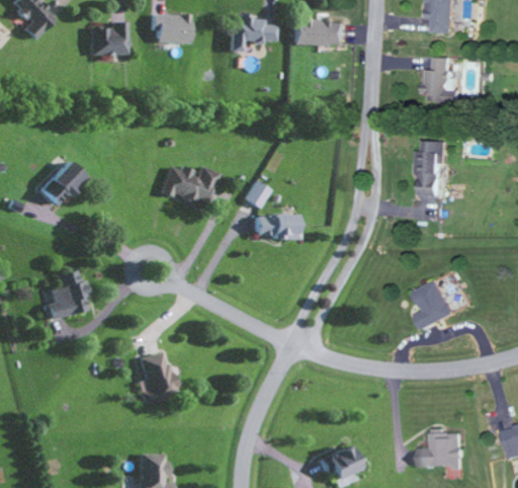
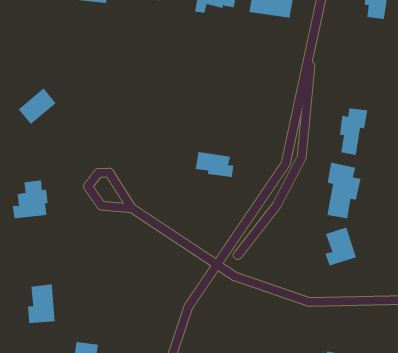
building: [422,58,450,103] -> none
building: [159,166,218,206] -> none
building: [244,181,269,209] -> none
building: none -> [327,162,361,219]
building: [138,352,173,402] -> [27,284,56,323]

